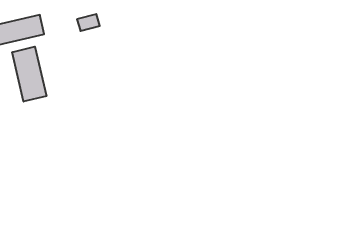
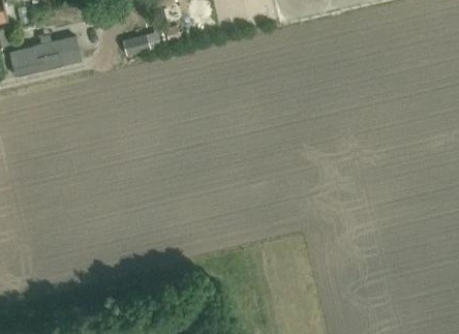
building: [12,47,46,102] -> none

